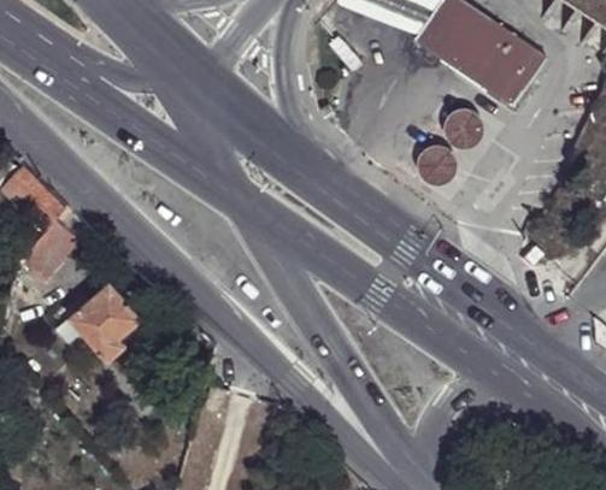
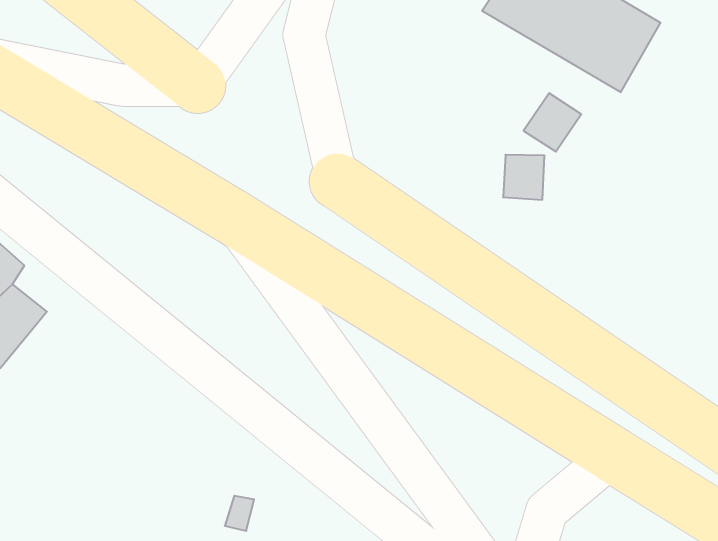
building: [67,282,142,362] -> none

